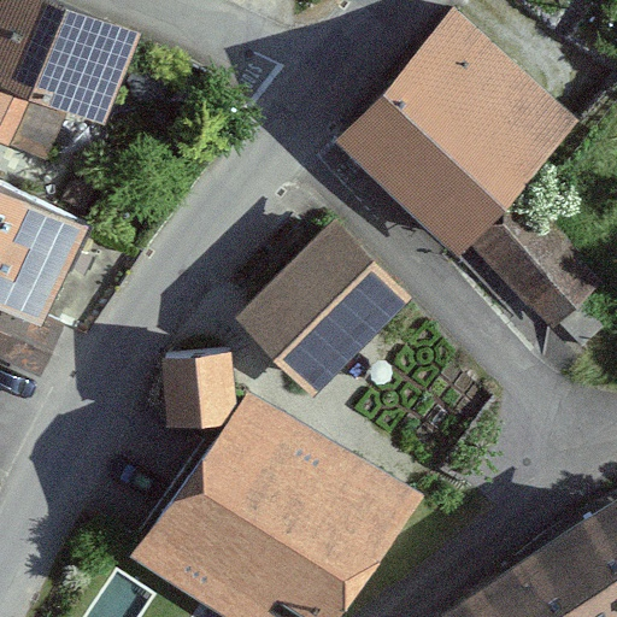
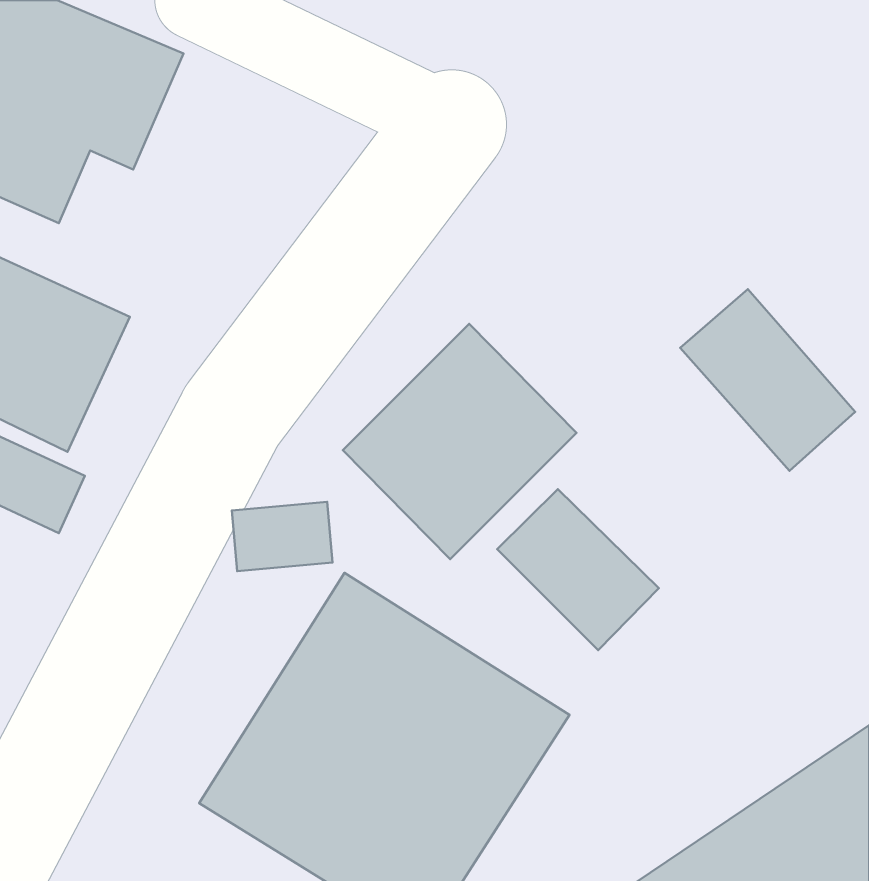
building: [348,12,570,235] -> none
building: none -> [497,489,659,650]

